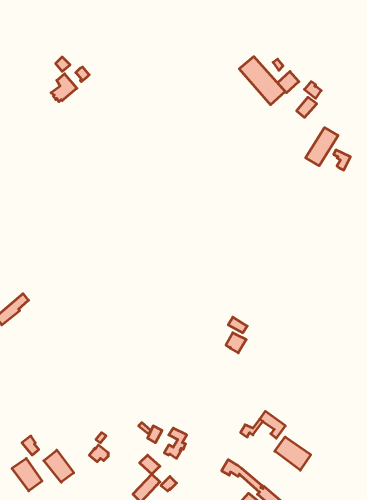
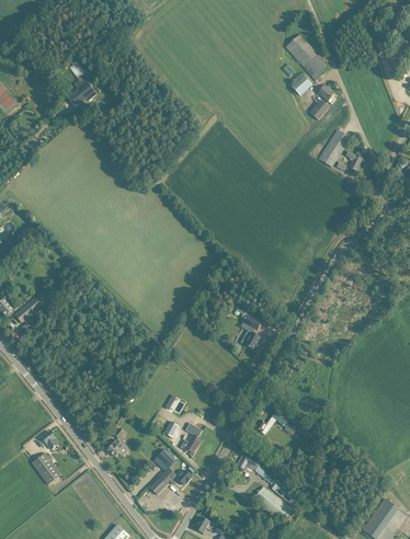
building: [239,57,285,105] -> [285,34,330,81]
building: [275,437,311,470] -> none
building: [44,450,74,482] -> none

